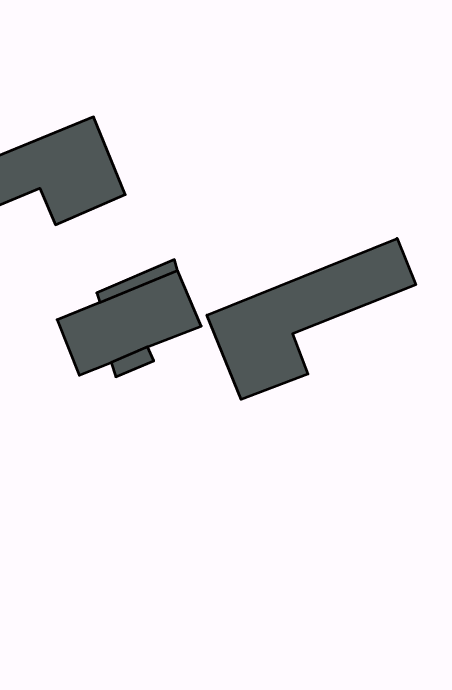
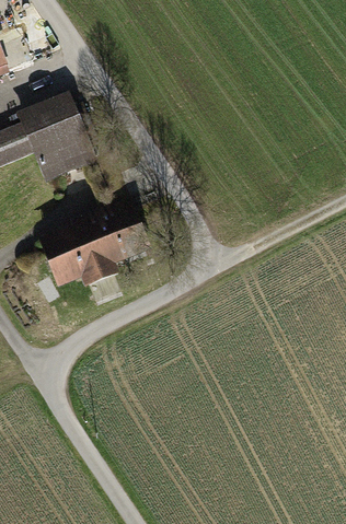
building: [207,238,416,399] -> none

